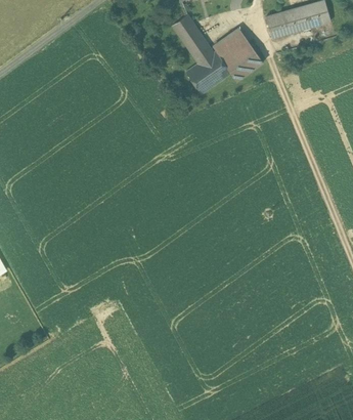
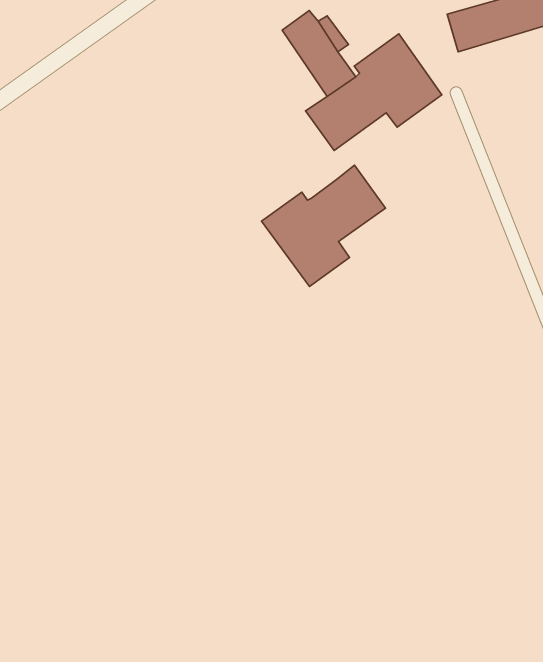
building: none -> [262,165,385,286]

